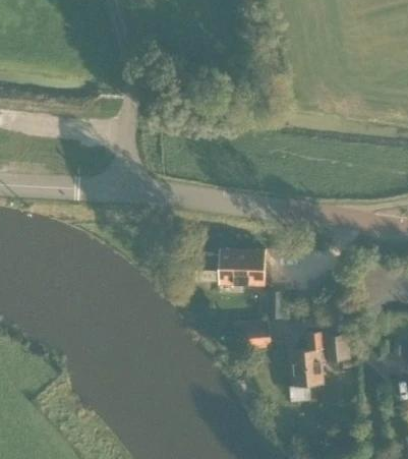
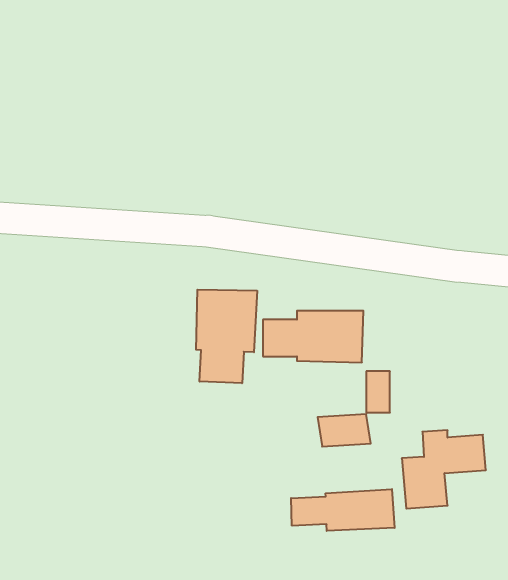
building: none -> [196,290,257,383]
building: none -> [291,489,395,531]

